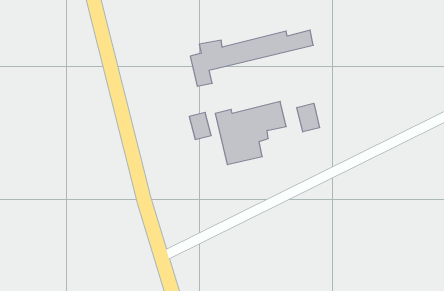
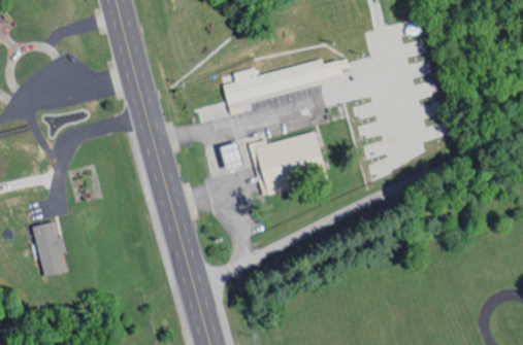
building: [297,103,319,132] -> none
building: none -> [32,220,66,277]

